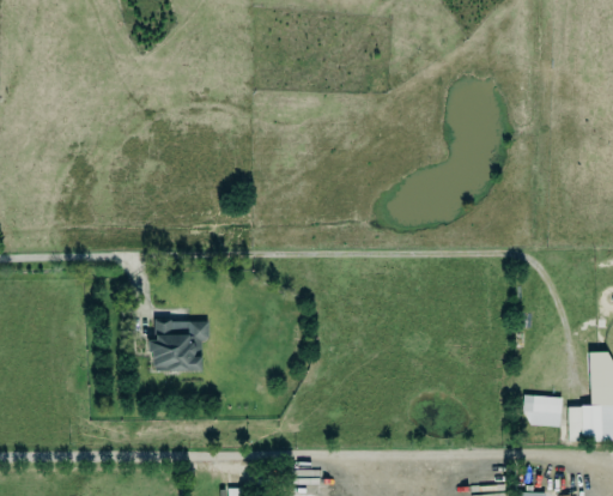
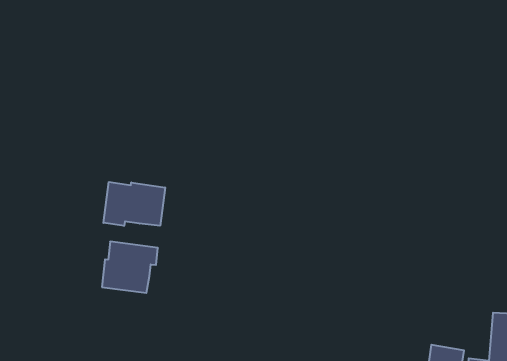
building: none -> [103,182,165,226]

